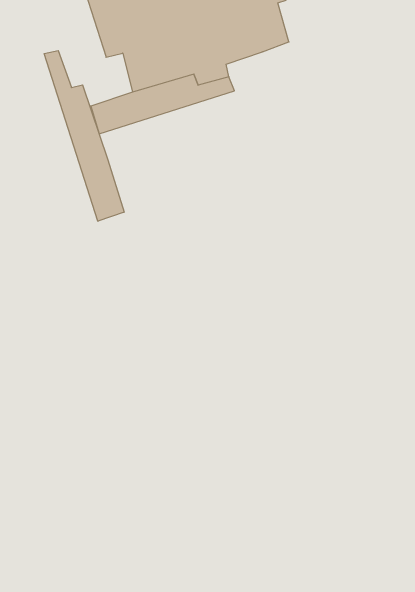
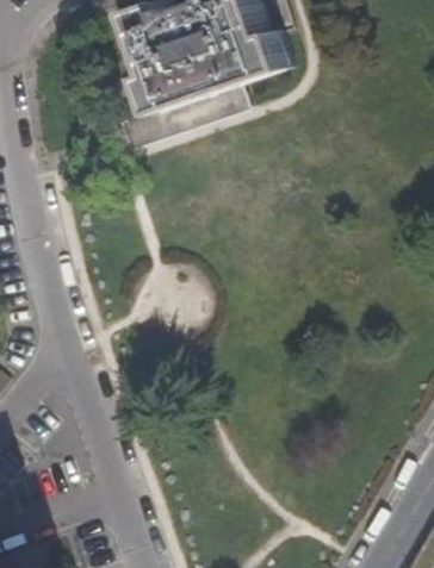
building: [44,51,124,221] -> none

